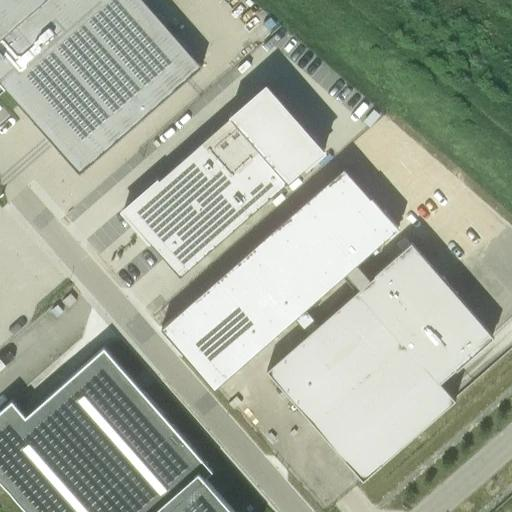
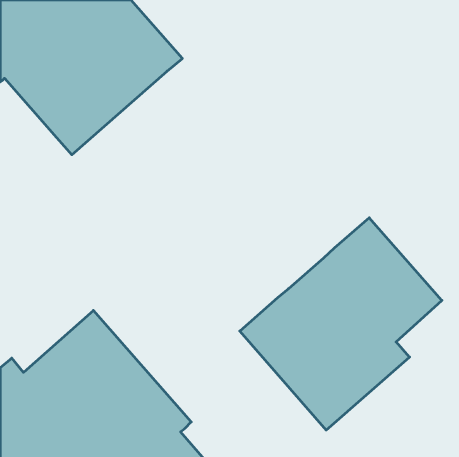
building: [123,86,325,279] -> none
building: [161,168,398,390] -> none

